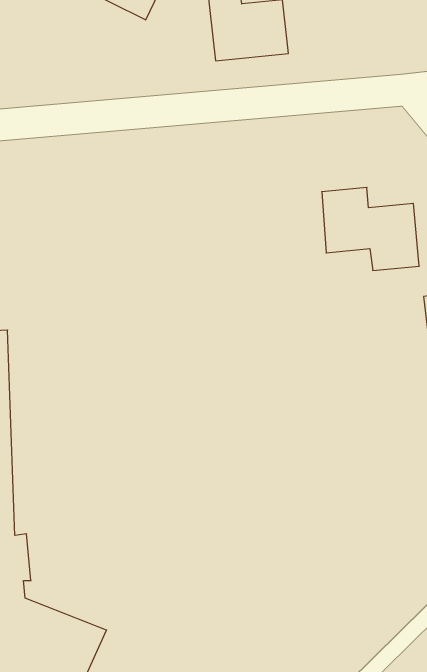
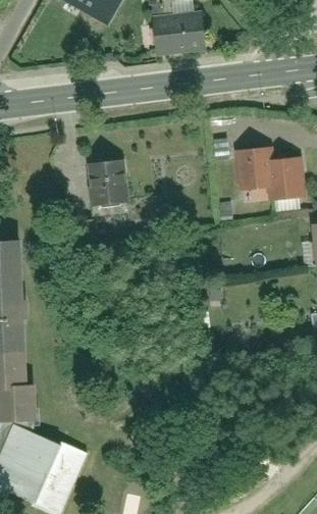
building: none -> [84,157,128,215]

